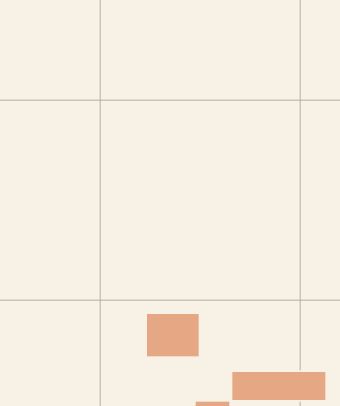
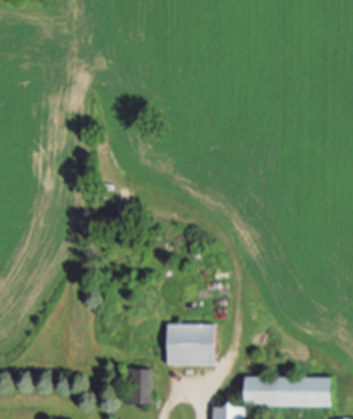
building: none -> [122,370,148,404]

